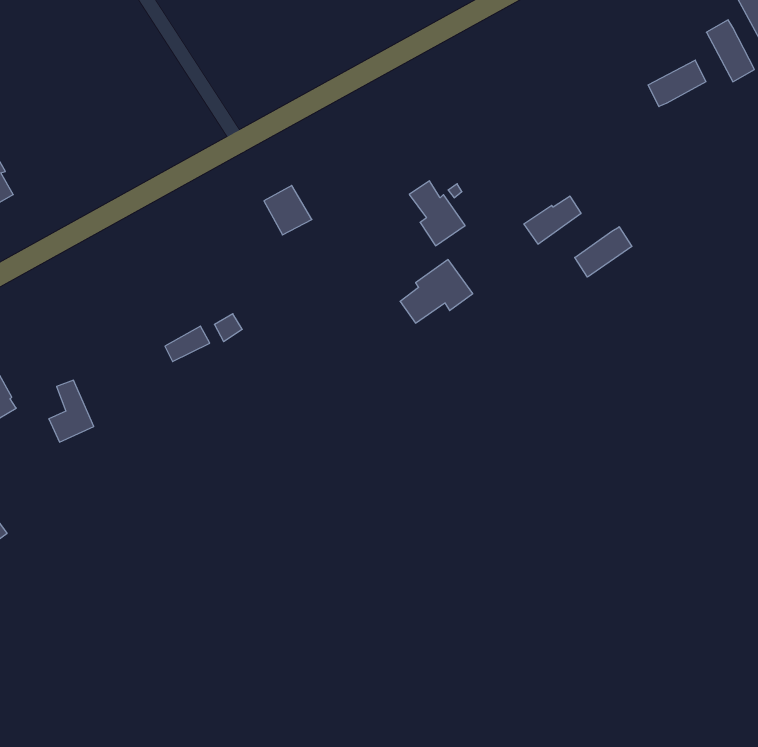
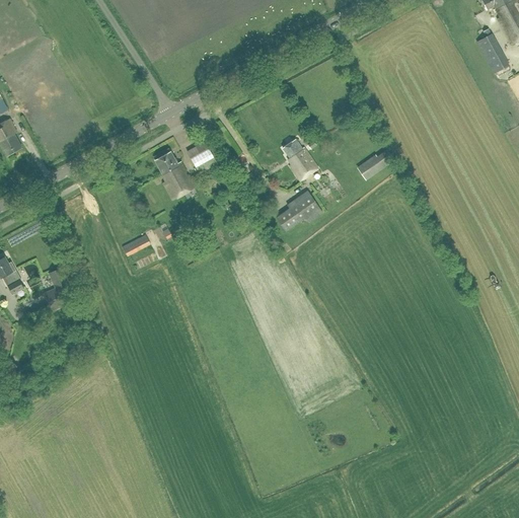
building: [648,60,706,107] -> none
building: none -> [153,150,195,199]
building: [575,227,632,277] -> none

